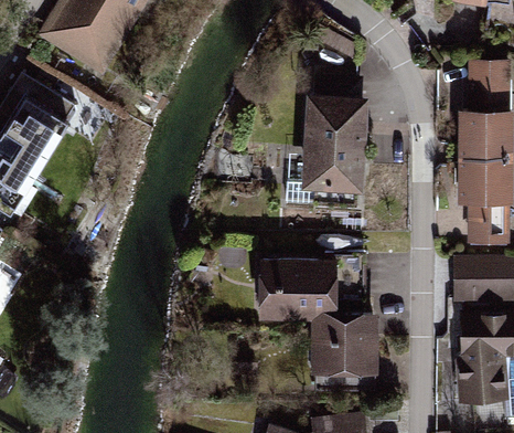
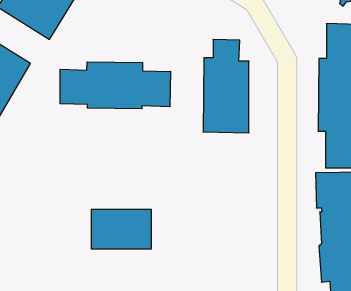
building: none -> [60,62,171,109]
building: [259,265,339,317] -> [91,210,151,249]
building: [311,325,377,389] -> none

